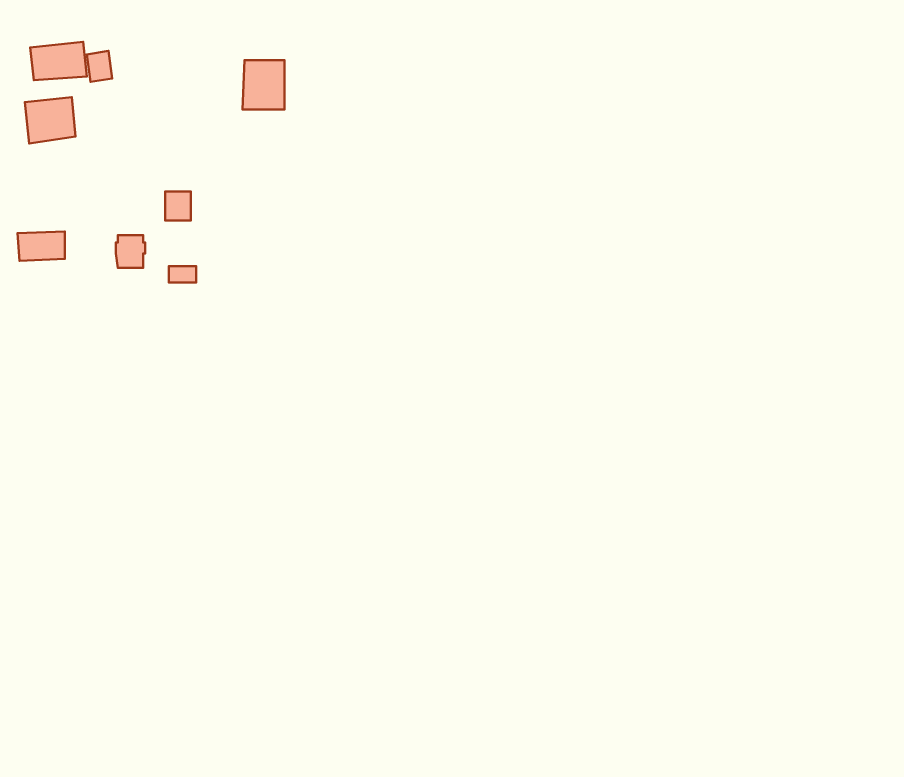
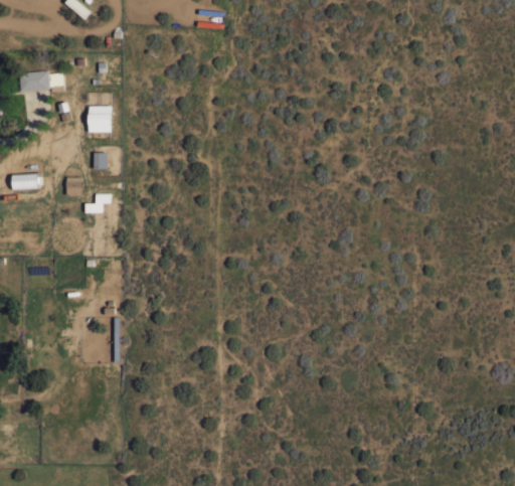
building: [243,60,284,110] -> [88,106,111,133]
building: [25,97,76,143] -> none

